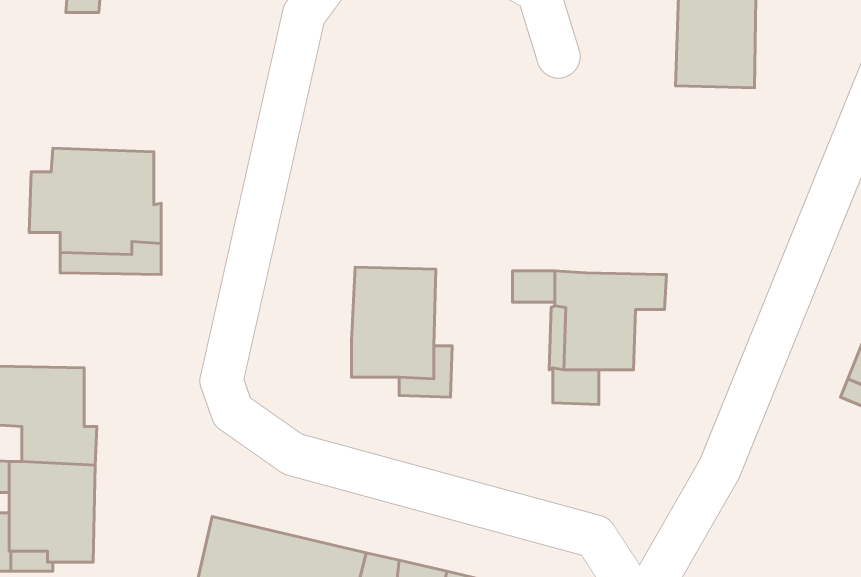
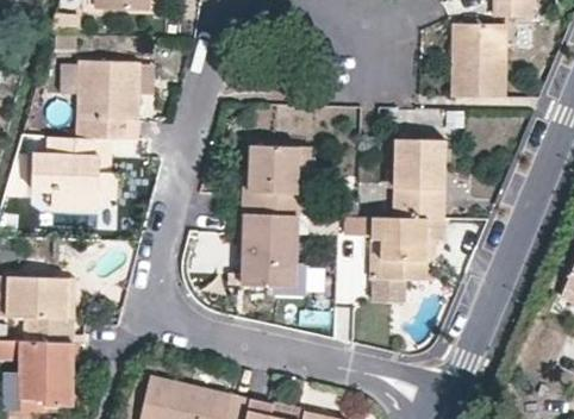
building: none -> [76,60,139,137]
building: none -> [393,138,443,217]
building: none -> [243,144,310,213]

